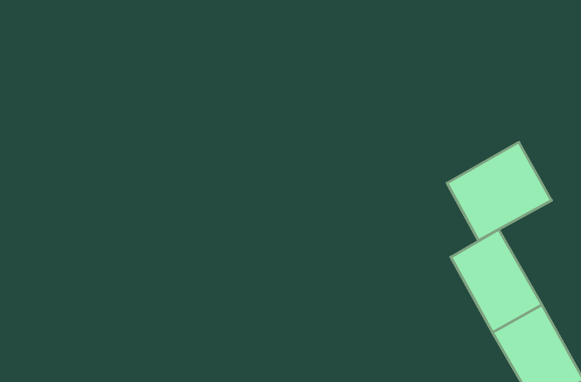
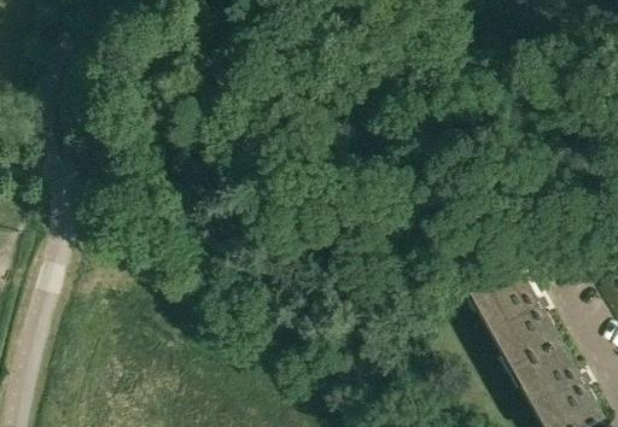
building: [447,142,552,240] -> none

